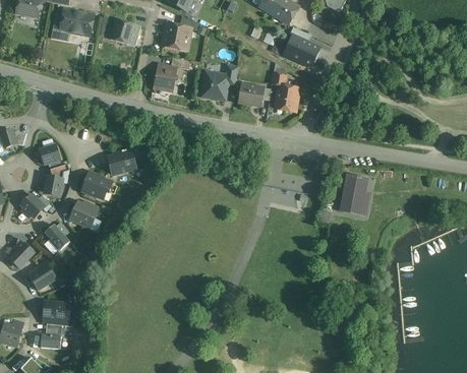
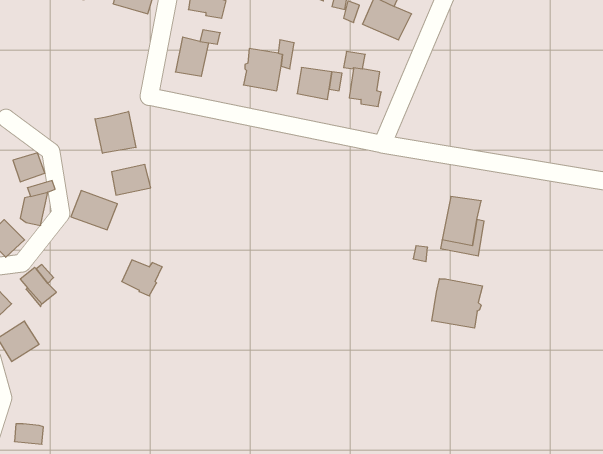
building: none -> [95,111,136,153]
building: [69,202,98,228] -> [122,260,162,296]
building: none -> [432,279,482,328]
building: [44,299,65,322] -> none

